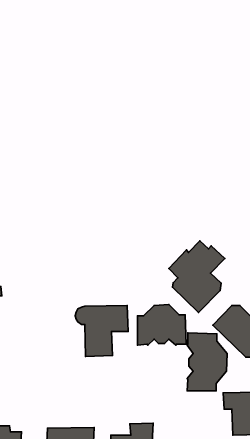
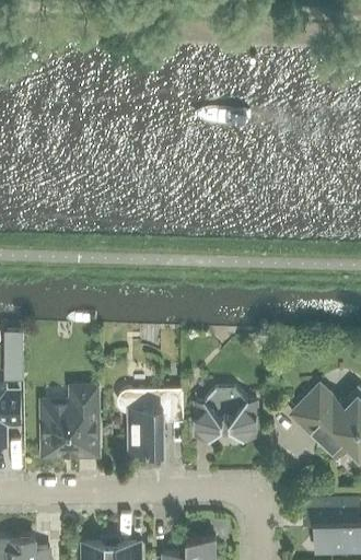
building: [169,241,225,312] -> none
building: none -> [42,384,95,469]
building: [187,333,227,391] -> none

